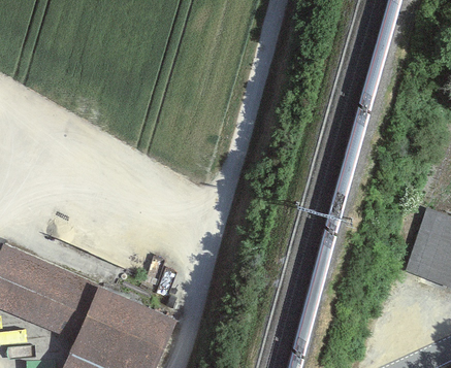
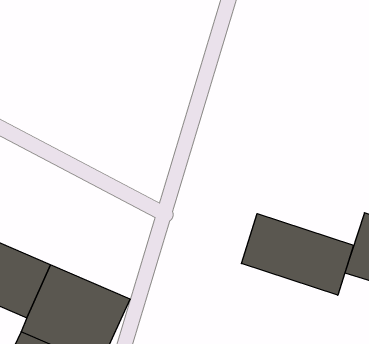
building: none -> [241,214,353,295]

